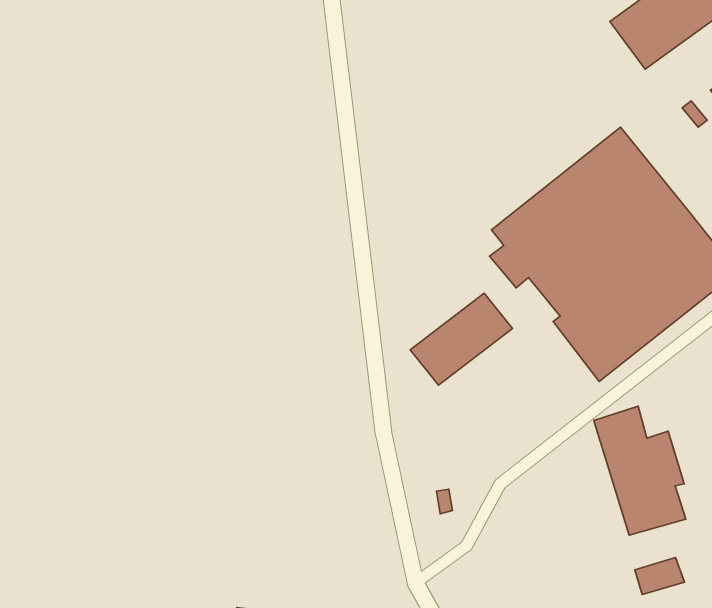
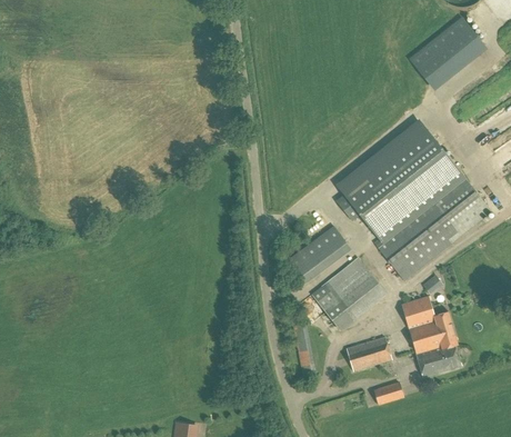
building: none -> [312,258,385,328]
building: none -> [347,337,392,371]
building: [635,558,684,595] -> [373,381,404,405]

